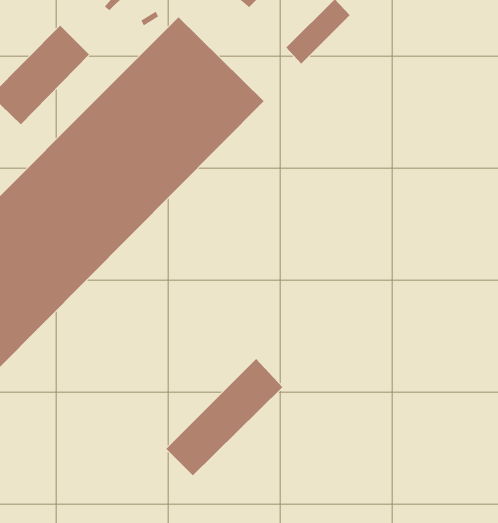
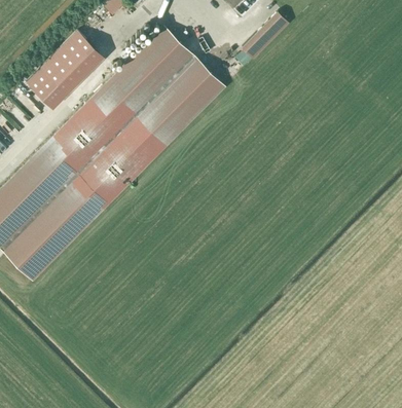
building: [166,358,283,476] -> none

